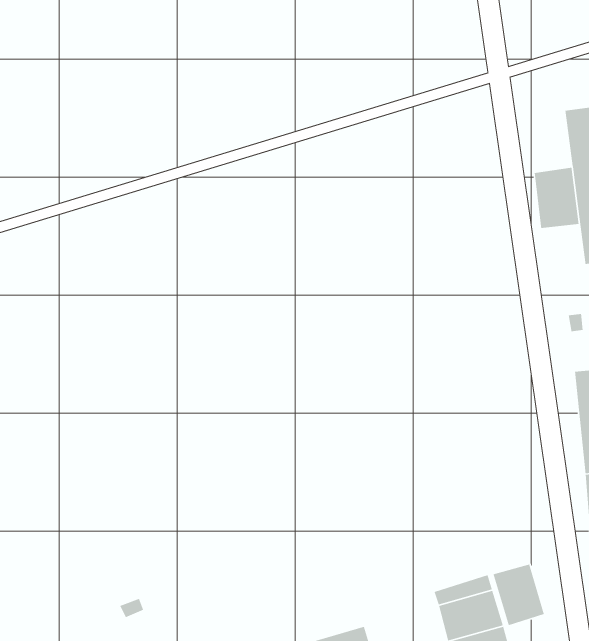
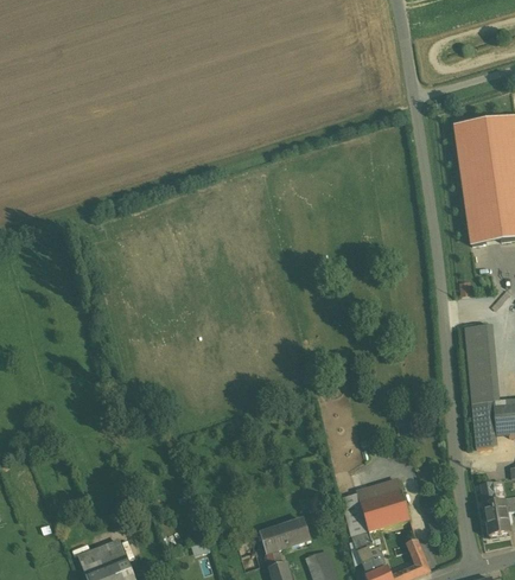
building: [534,167,580,229] -> none
building: [492,564,545,626] -> none

